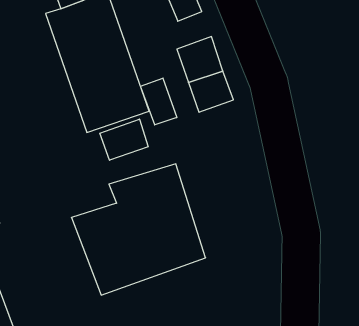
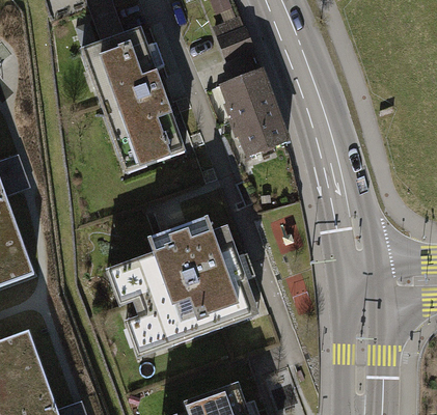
building: [140,78,177,125] -> none
building: [100,119,148,160] -> none

